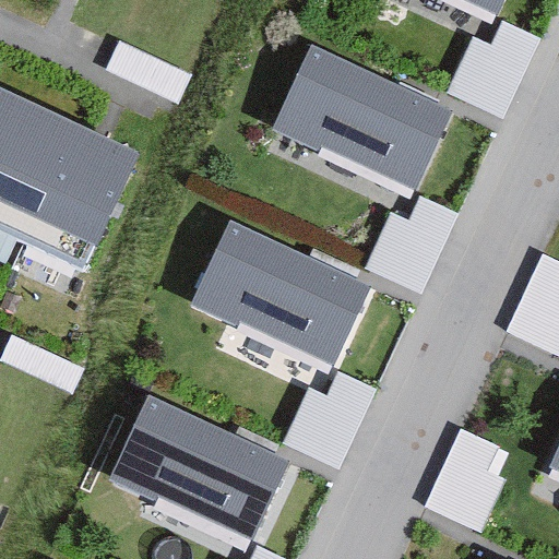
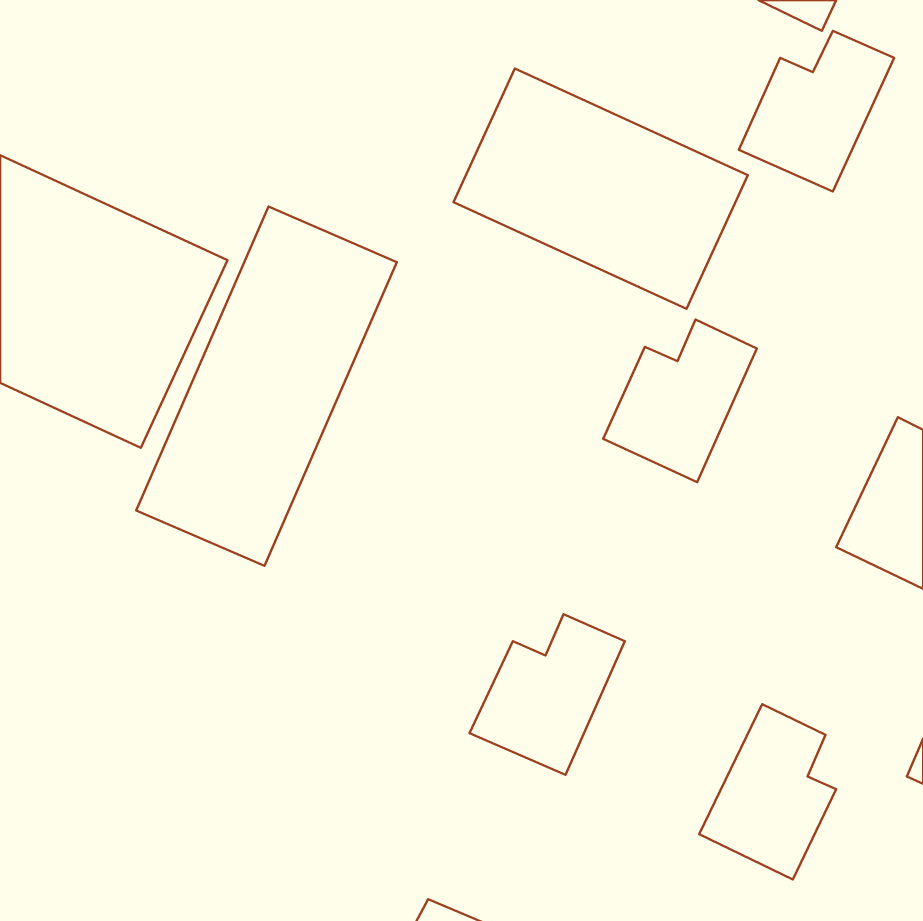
building: none -> [136,207,397,566]
building: [193,226,370,365] -> none
building: [114,395,290,538] -> none

